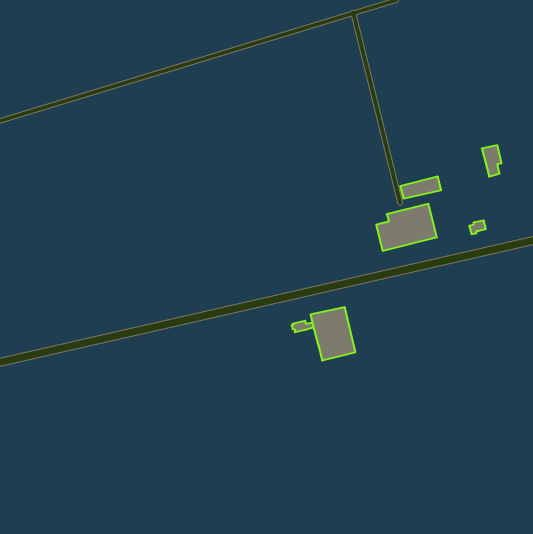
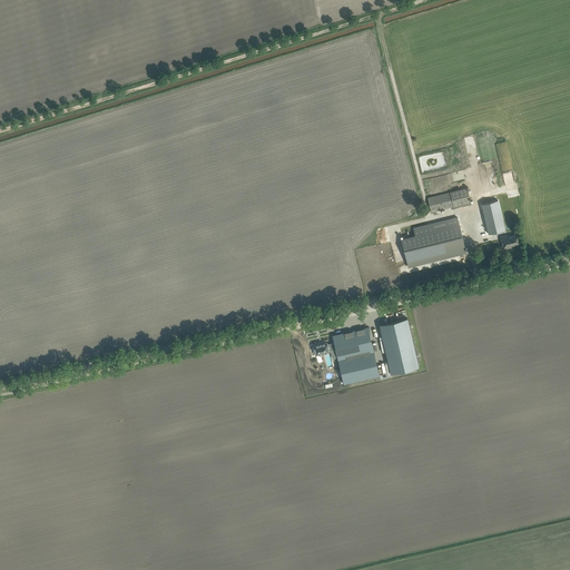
building: [482,145,502,177] -> [480,200,501,234]
building: none -> [379,317,417,373]

